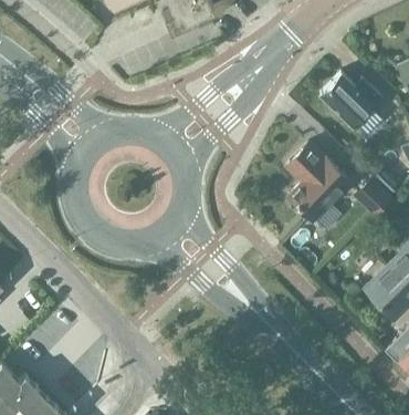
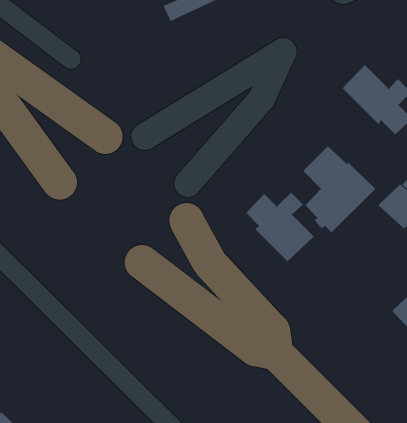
building: none -> [245,192,315,262]

